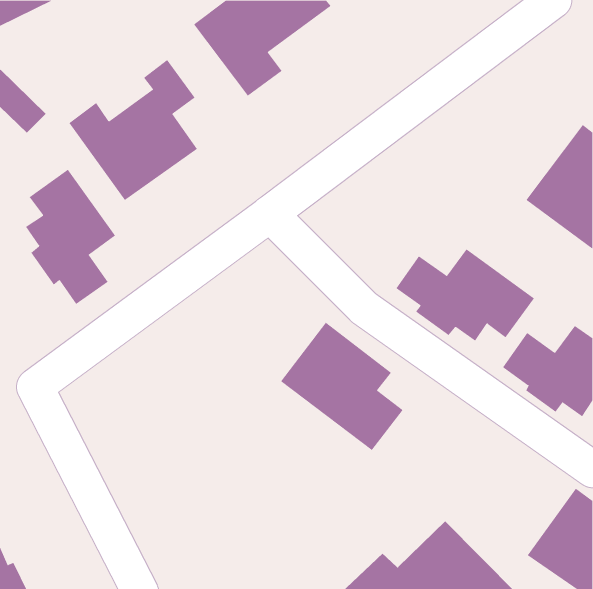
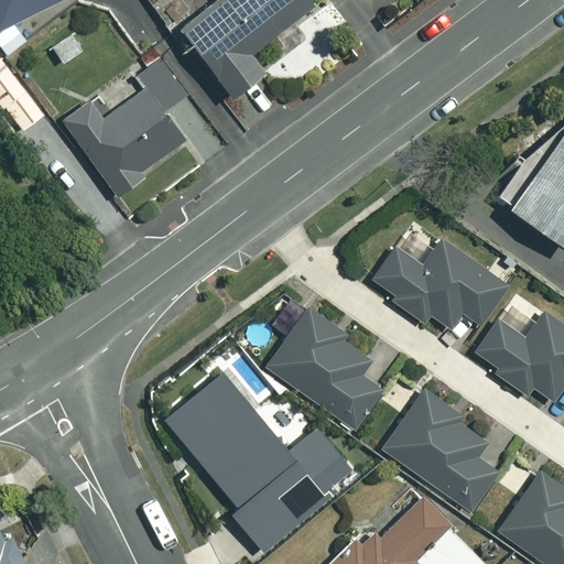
building: [25,169,116,305] -> none
building: none -> [166,372,352,550]
building: none -> [382,392,498,516]

